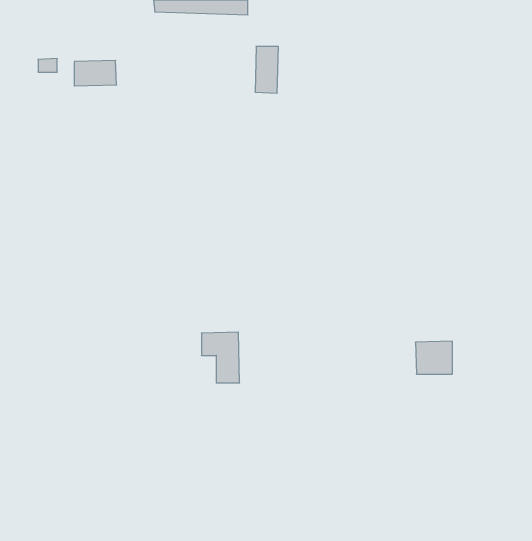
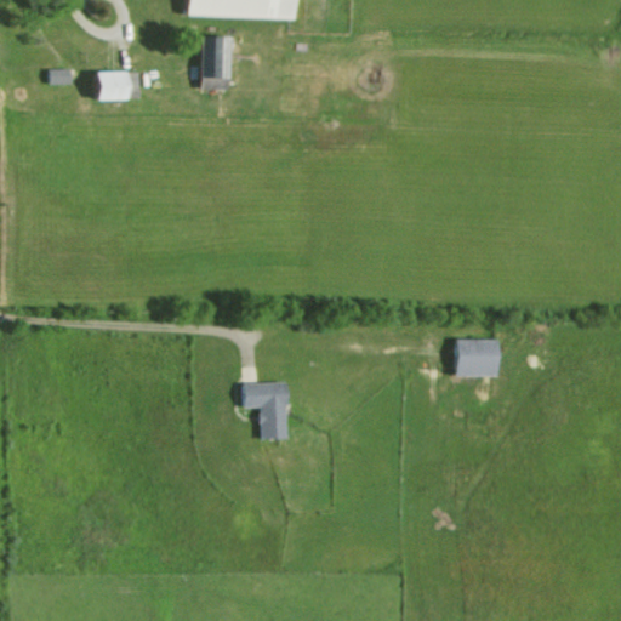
building: [255,46,278,93] -> [206,36,233,90]
building: [415,341,452,374] -> [456,338,498,376]

